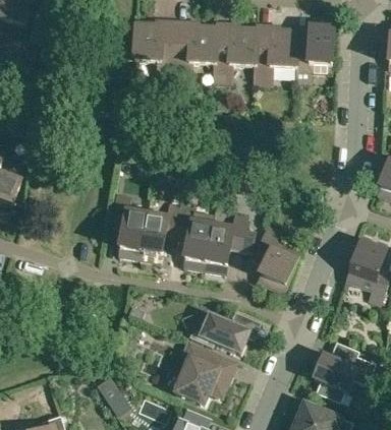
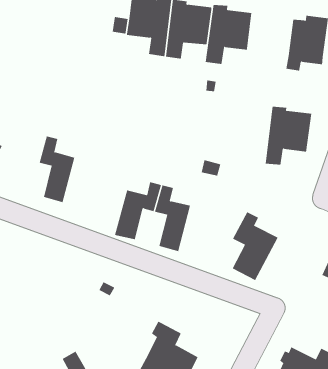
building: [255,24,297,82] -> [265,106,312,165]
building: [111,194,147,259] -> [39,136,75,203]
building: [204,214,255,273] -> none
building: [188,313,247,353] -> none

